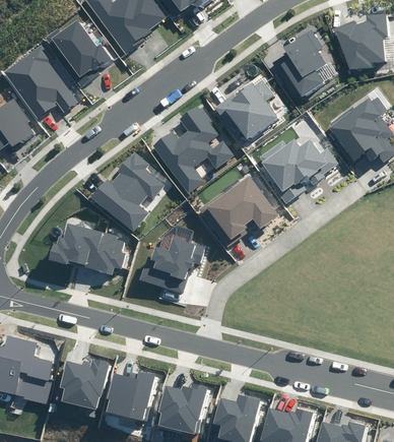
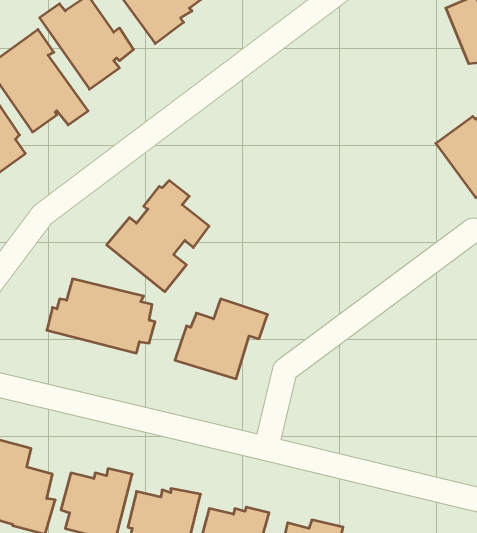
building: [274,29,325,98] -> none
building: [214,79,276,140] -> none
building: [153,106,235,193] -> none
building: [258,139,338,203] -> none
building: [198,176,277,248] -> none

